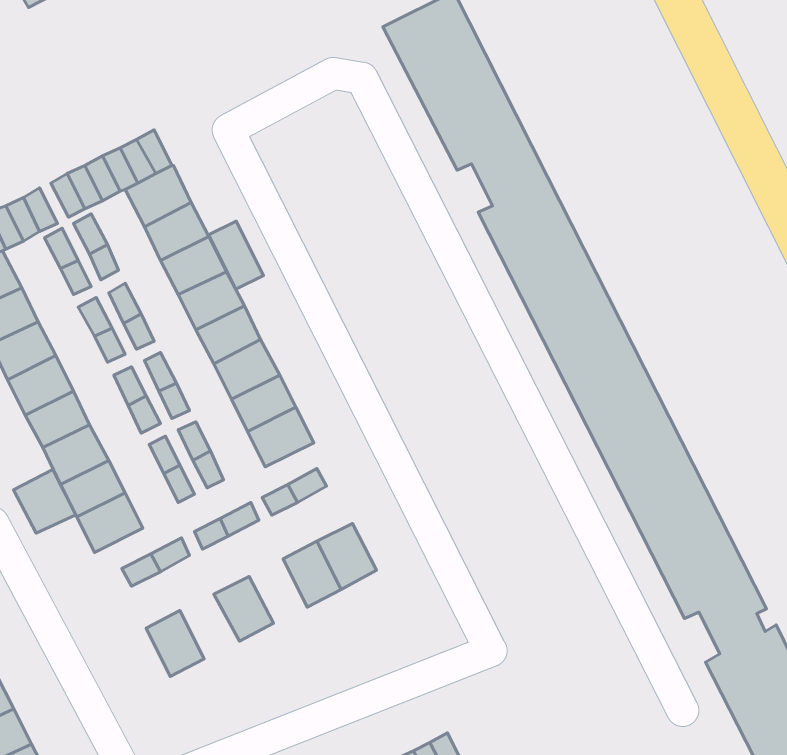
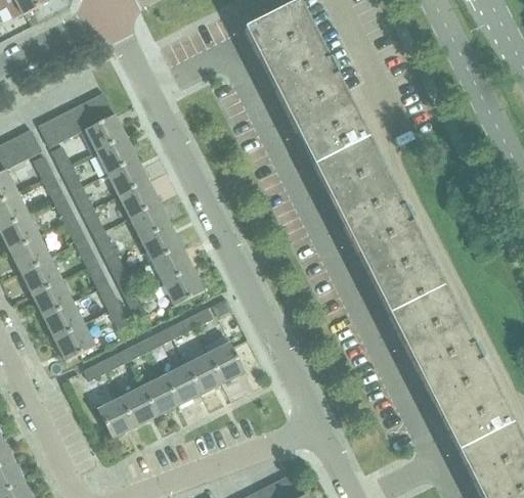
building: [209,221,263,289] -> none
building: [14,469,76,533] -> none
building: none -> [163,364,200,405]
building: none -> [119,387,157,427]

